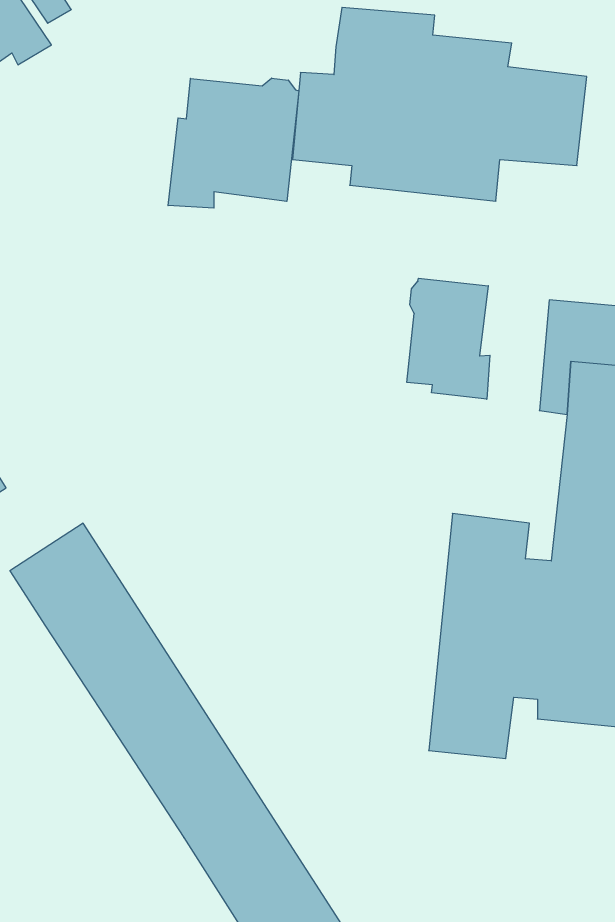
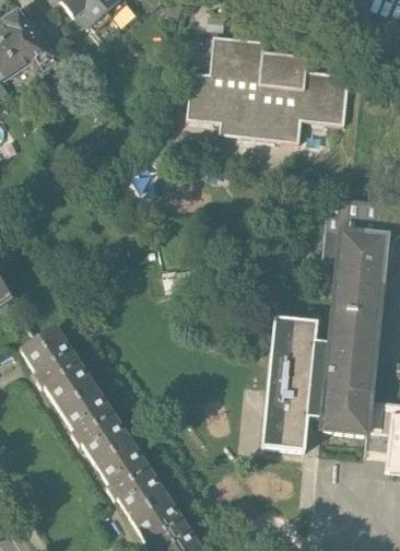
building: [168,78,299,208] -> none
building: [407,278,490,399] -> none

